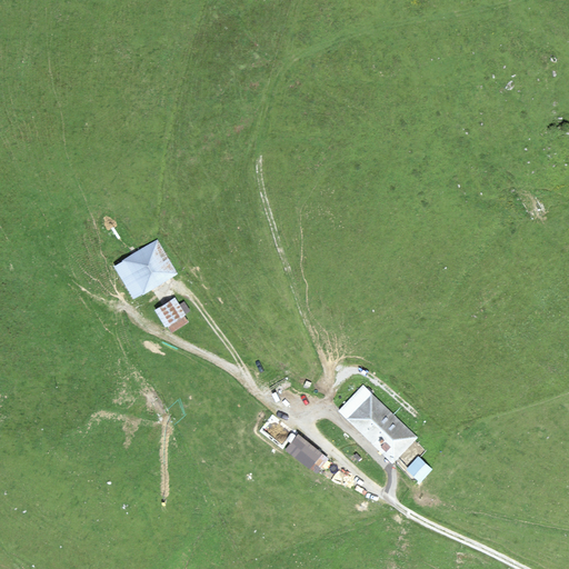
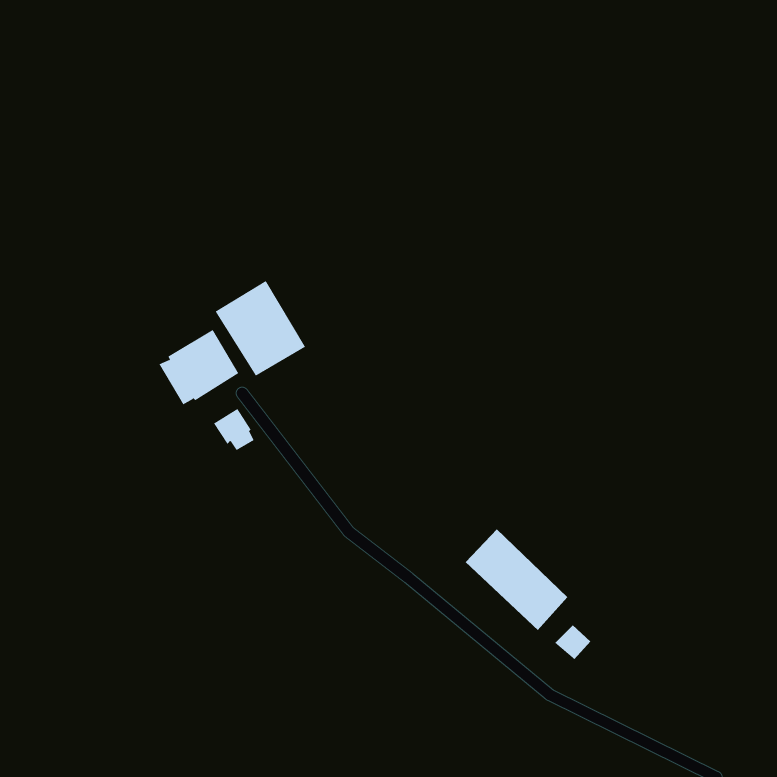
building: none -> [215,280,306,376]
building: [287,436,326,470] -> none

